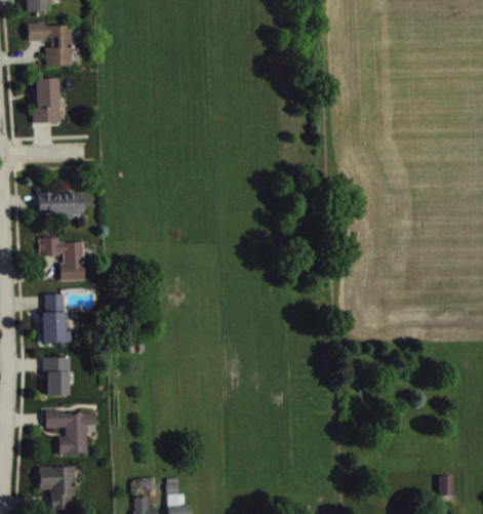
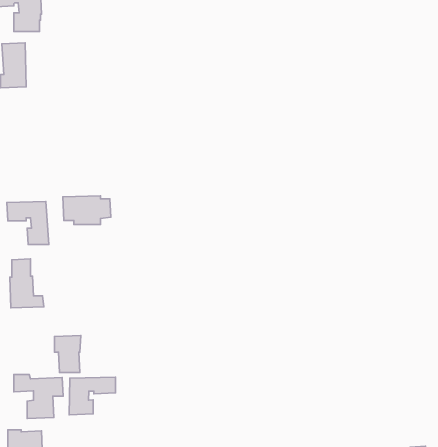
building: [37,191,85,220] -> [63,196,111,224]
building: [43,356,70,393] -> [54,336,81,372]
building: none -> [69,377,115,415]

